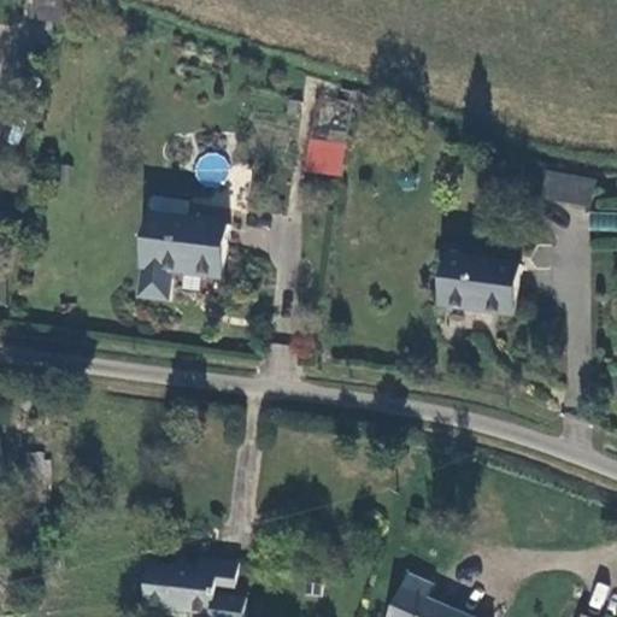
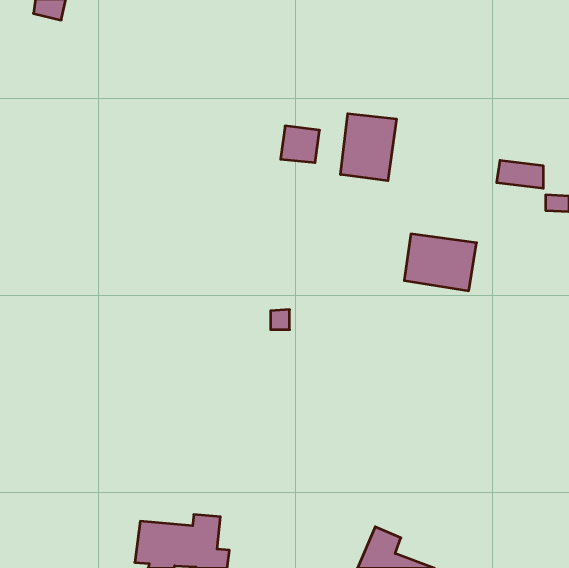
building: none -> [341,114,396,181]
building: [142,215,224,301] -> none

